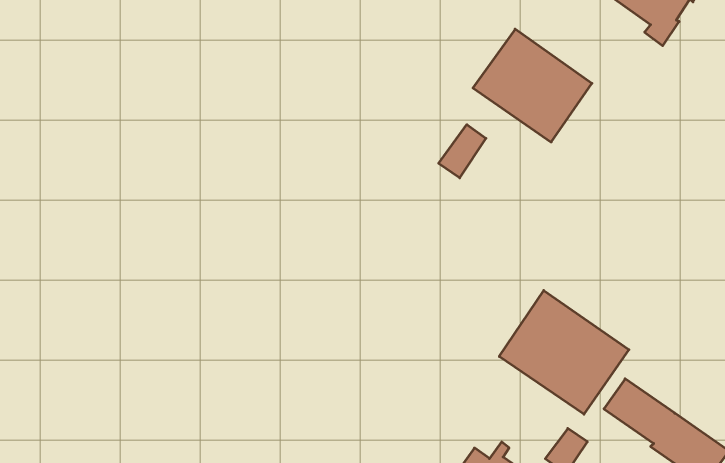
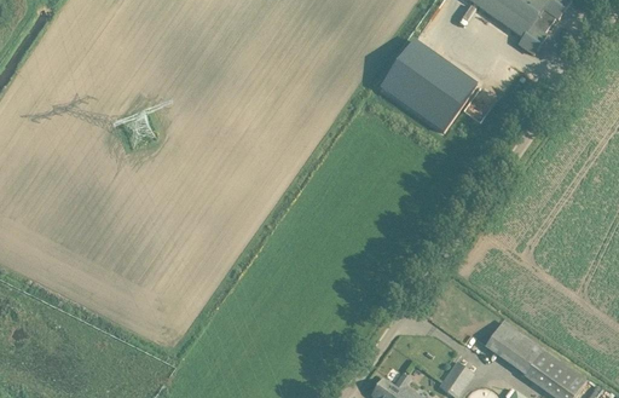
building: [439,125,486,178] -> none
building: [499,290,629,414] -> none

